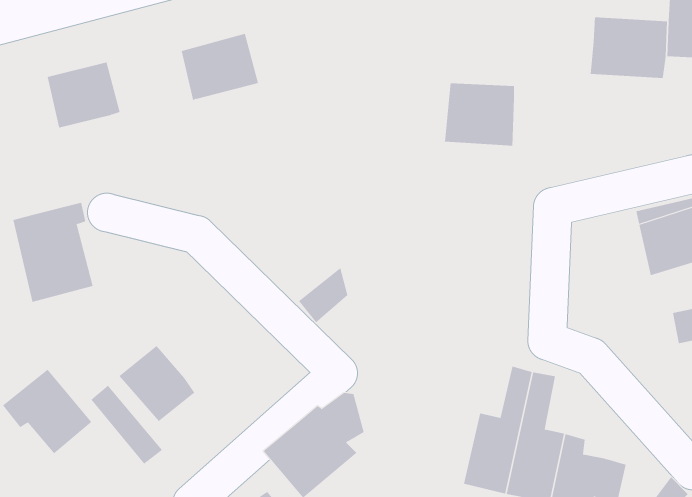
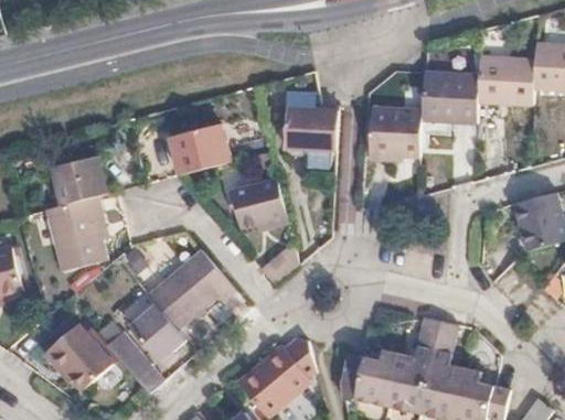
building: [181,33,259,101] -> [170,125,228,175]
building: none -> [425,72,483,120]
building: [47,62,120,128] -> [52,155,107,205]
building: none -> [279,104,335,148]
building: none -> [232,177,287,228]
building: none -> [148,248,235,326]
building: none -> [340,349,398,406]

